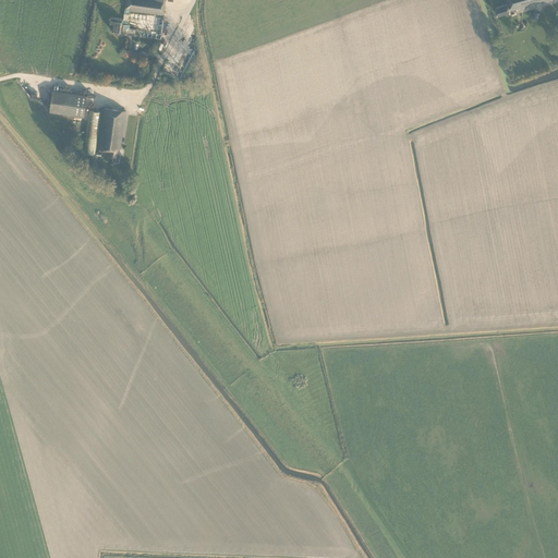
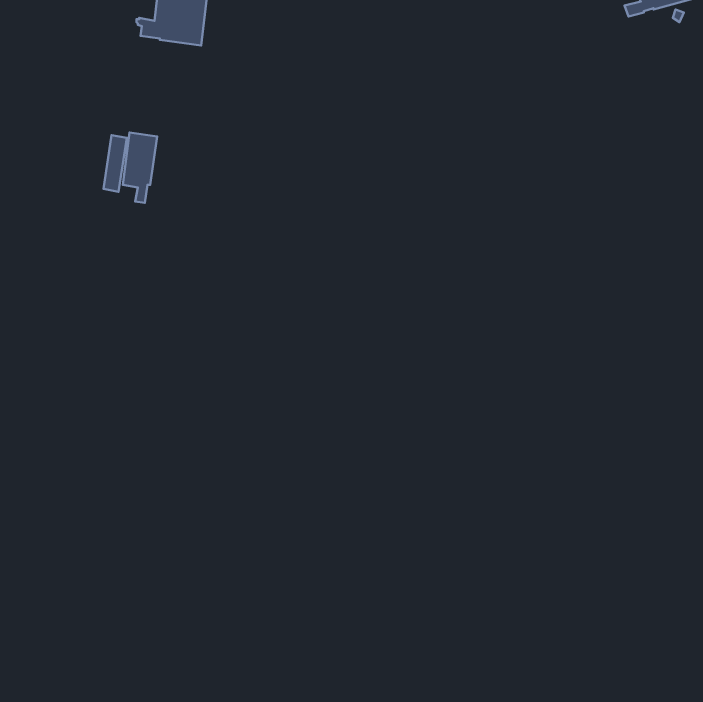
building: [49,87,86,113] -> none

